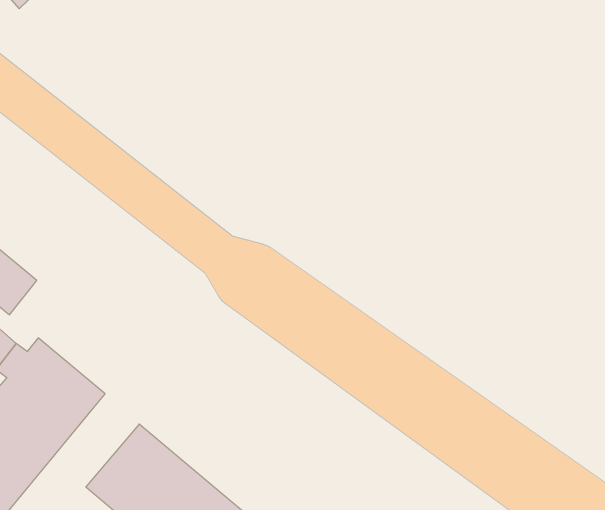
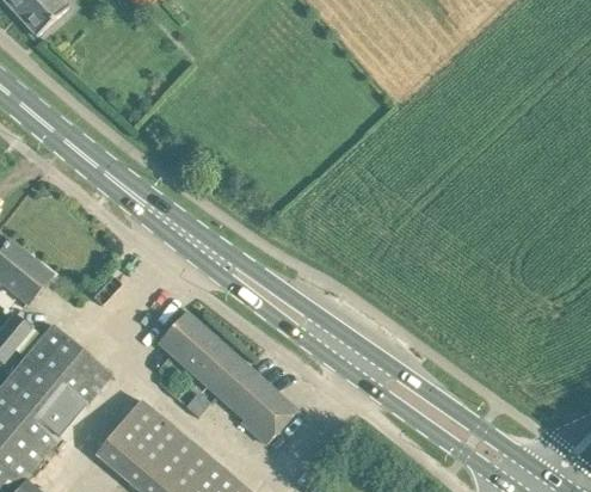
building: none -> [156,310,296,444]

